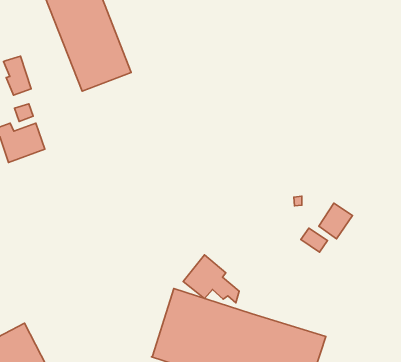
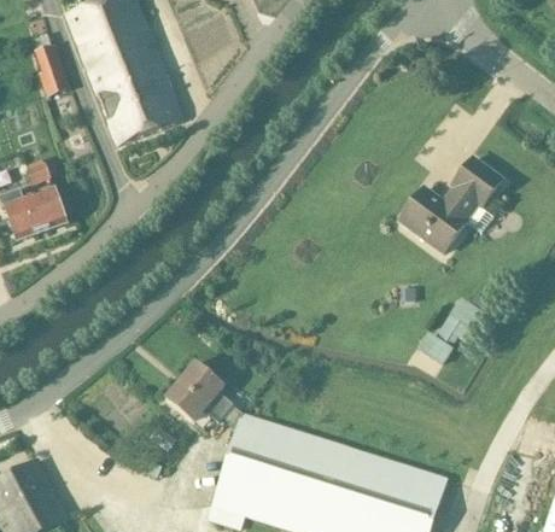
building: [4,56,31,95] -> [33,45,70,98]
building: none -> [398,157,501,251]
building: [183,255,239,303] -> [164,362,240,427]

